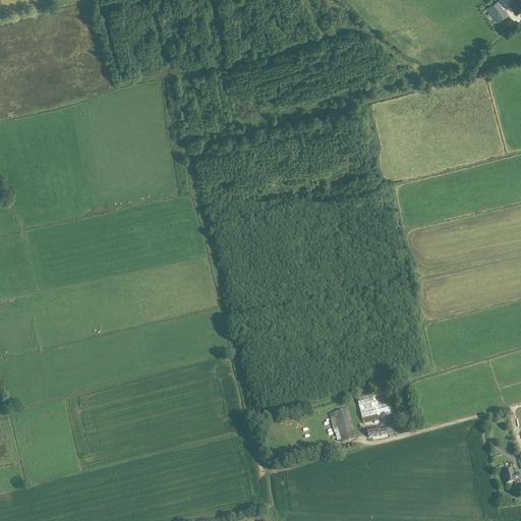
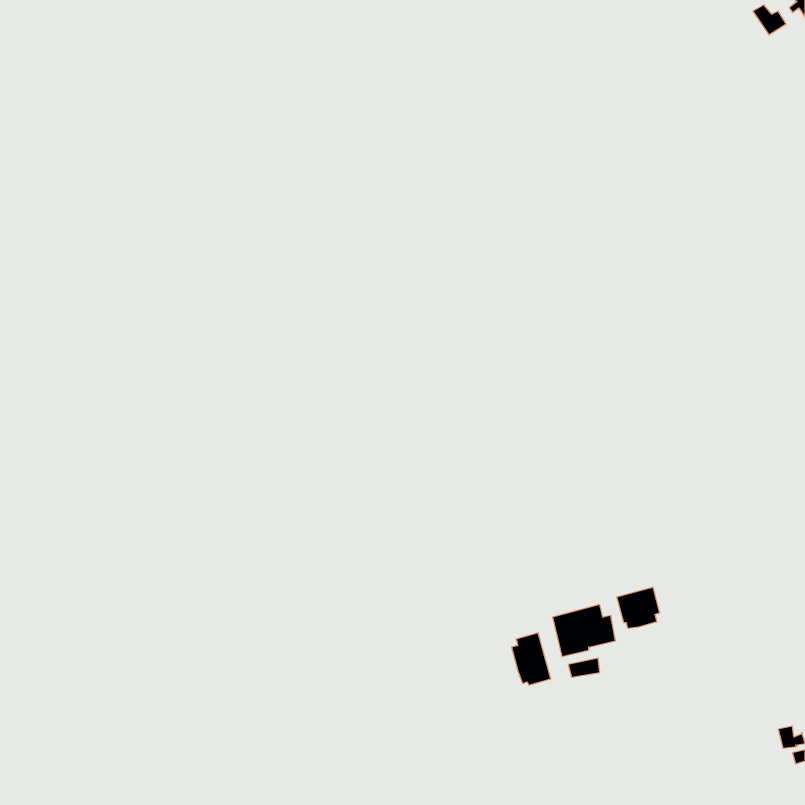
building: none -> [617,587,660,628]

